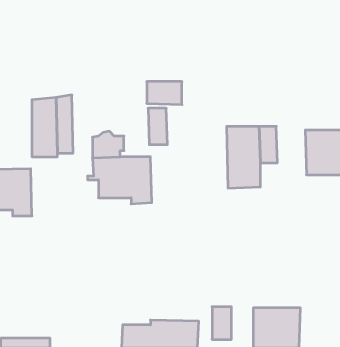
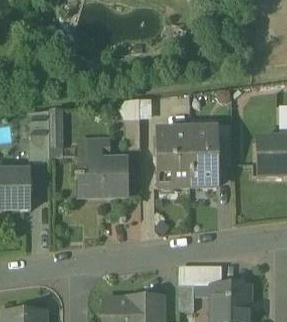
building: none -> [153,131,191,185]

